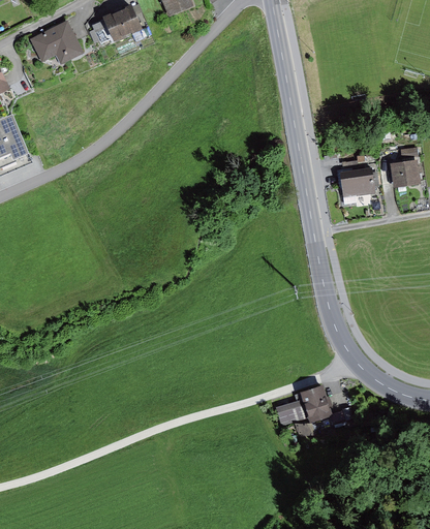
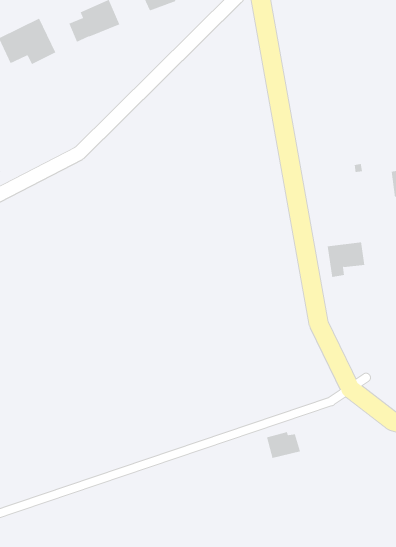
building: [340,173,375,206] -> [327,242,365,278]
building: [295,384,331,425] -> none

